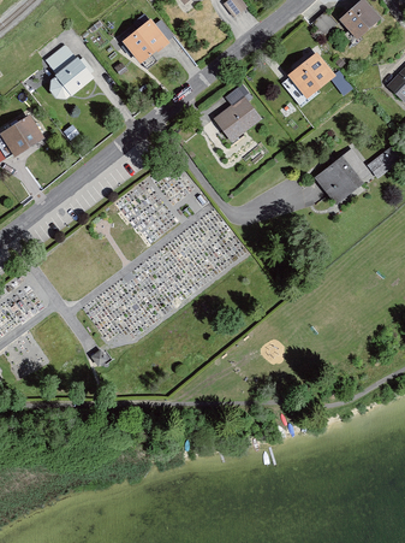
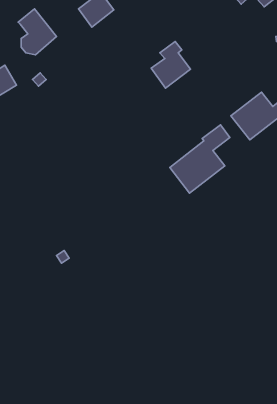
building: [286,52,353,101] -> none
building: none -> [170,125,230,193]

